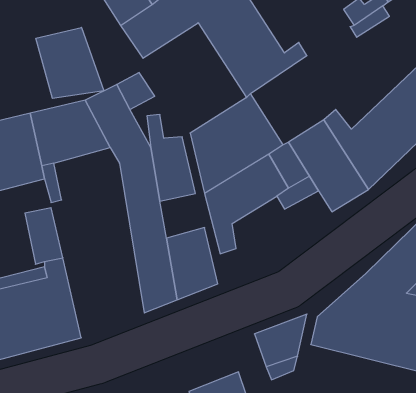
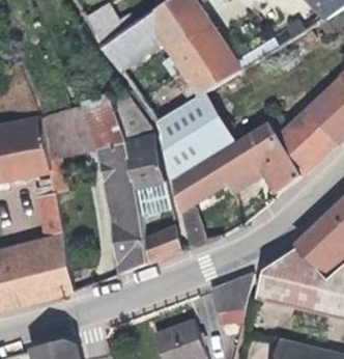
building: [36,27,104,98] -> none
building: none -> [135,178,170,214]

